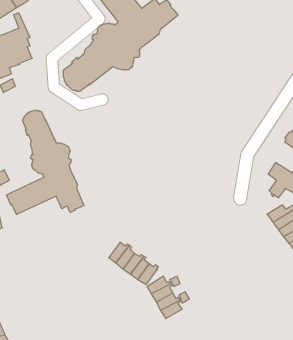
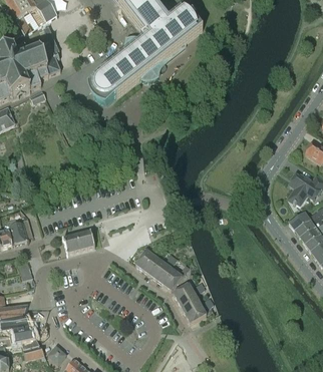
building: [6,110,84,215] -> none
building: none -> [62,230,94,253]

